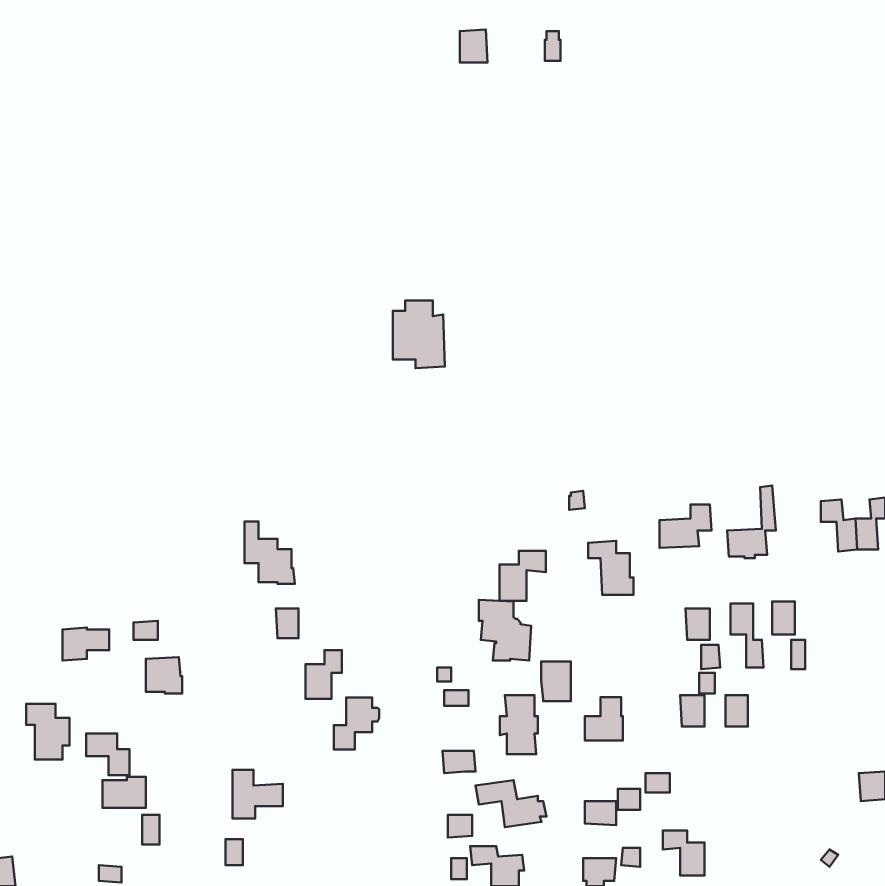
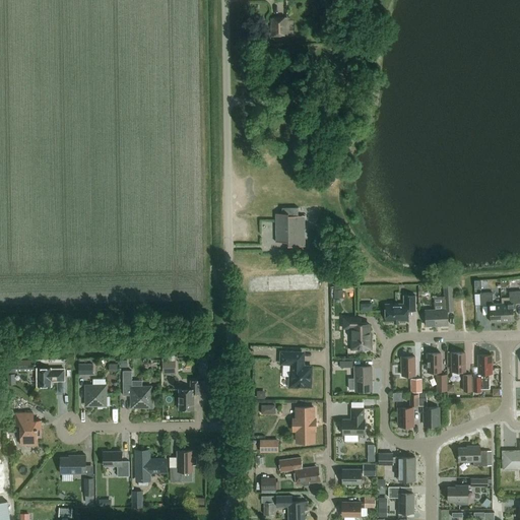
building: [393,301,445,368] -> [274,207,305,247]
building: [245,521,295,584] -> [123,371,152,407]
building: [500,551,546,601] -> none
building: none -> [473,354,492,391]
building: [541,661,571,701] -> [354,367,372,390]
building: [334,697,379,749] -> [170,451,196,481]
building: [86,734,129,775] -> [104,452,129,476]
building: none -> [457,446,486,466]
building: none -> [397,457,414,480]
building: none -> [447,484,467,505]

